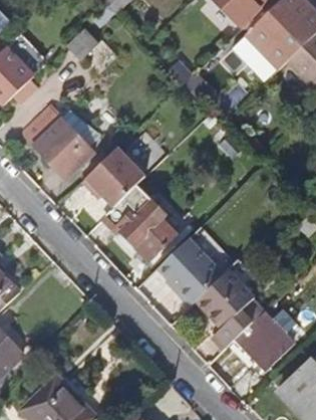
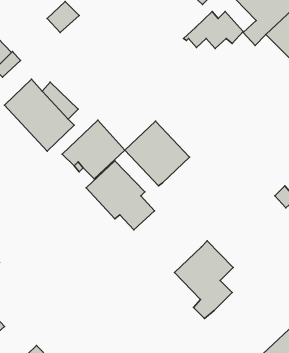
building: [156,238,222,303] -> [125,121,189,186]
building: [235,310,293,369] -> none

